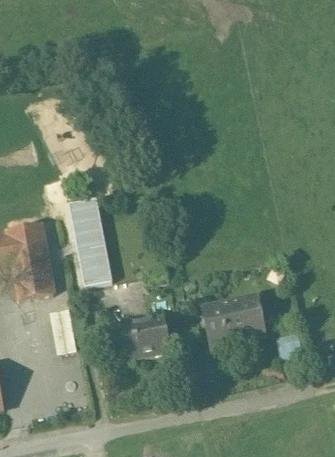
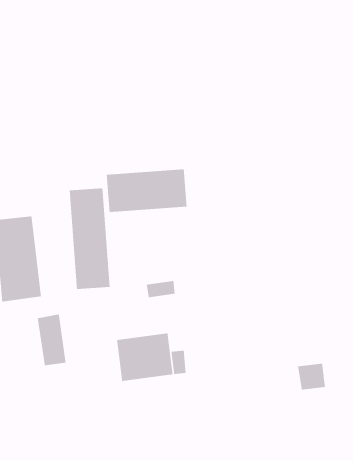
building: none -> [106,169,187,213]
building: [202,295,266,350] -> none

